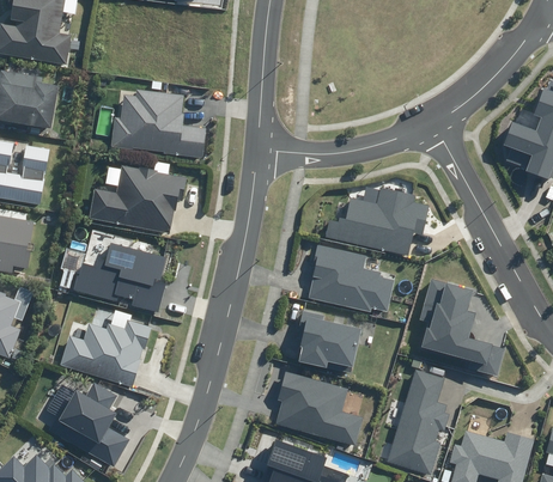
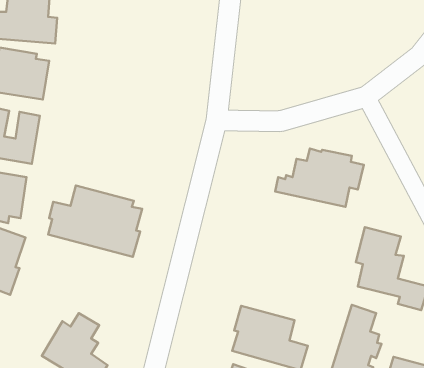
building: [110,90,207,158] -> none
building: [89,160,187,233] -> none
building: [308,244,394,312] -> none
building: [59,305,152,389] -> none
building: [297,311,360,374] -> none

